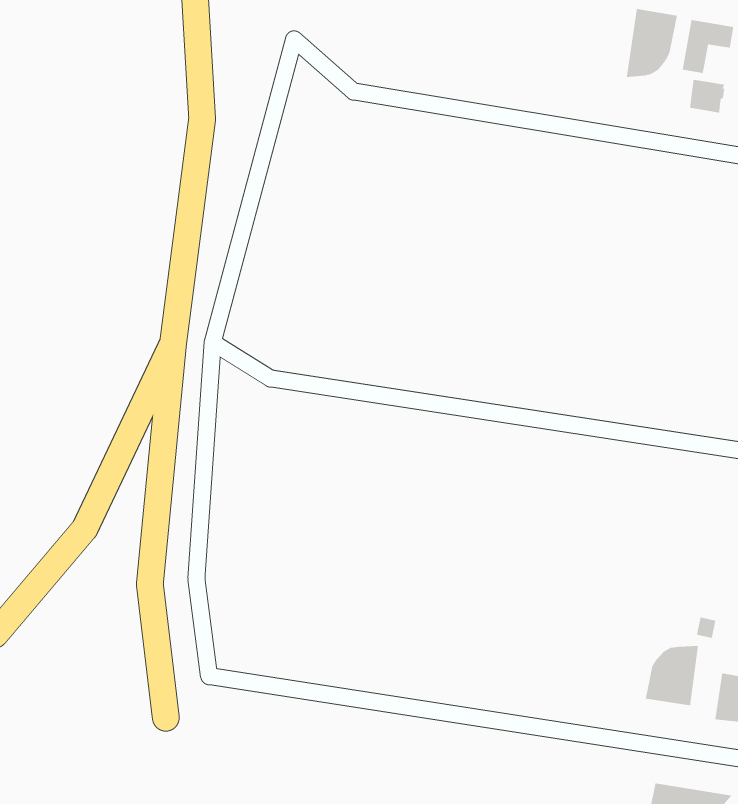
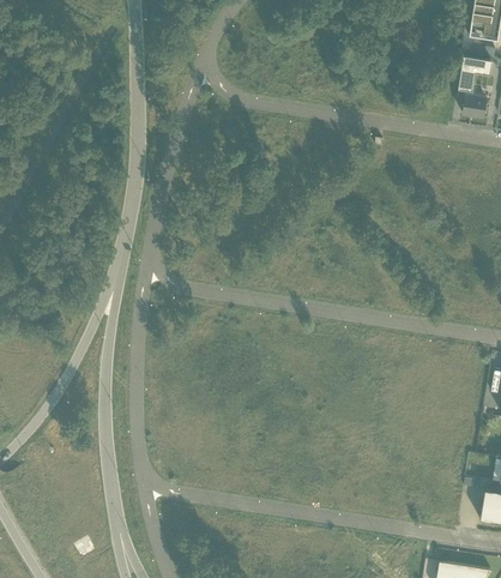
building: [626,8,678,78] -> none
building: [645,645,698,706] -> none

